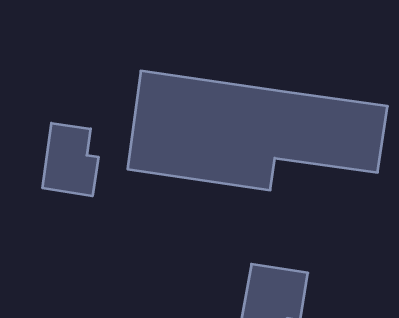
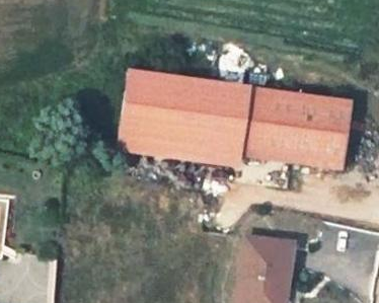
building: [43,123,98,196] -> none

